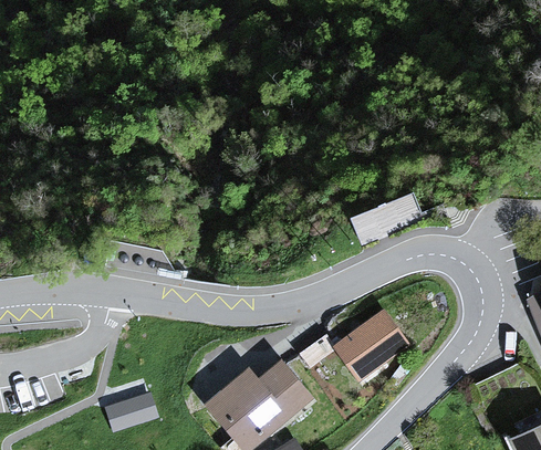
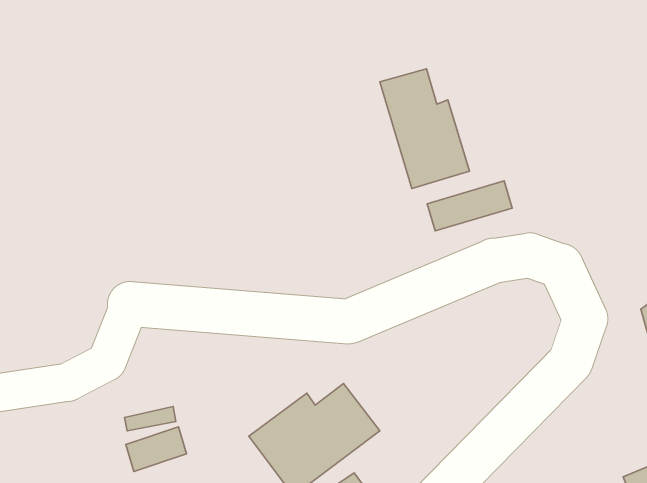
building: none -> [380,69,469,188]
building: [335,311,410,380] -> none

